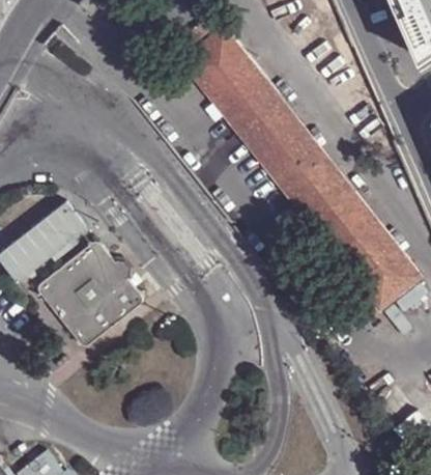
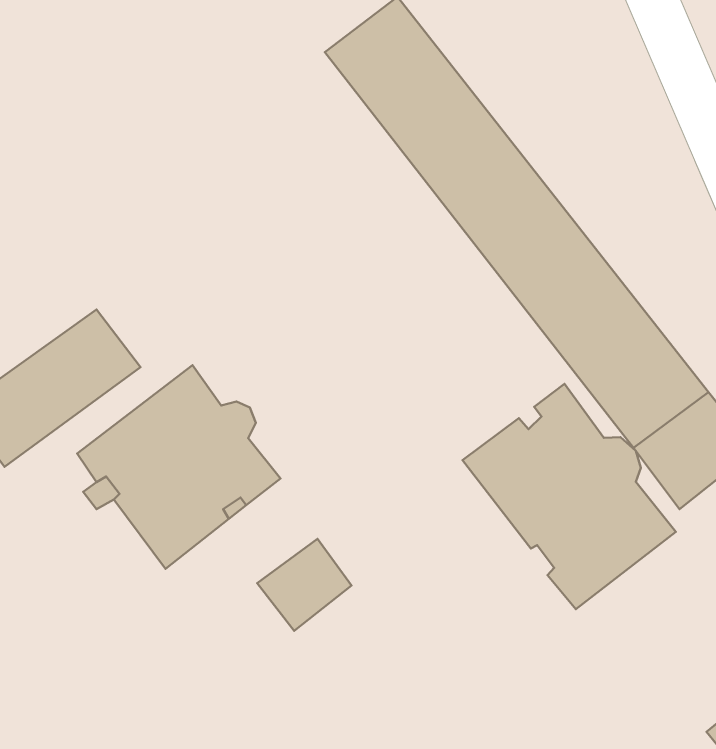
building: none -> [463,384,676,609]
building: none -> [257,539,352,631]

